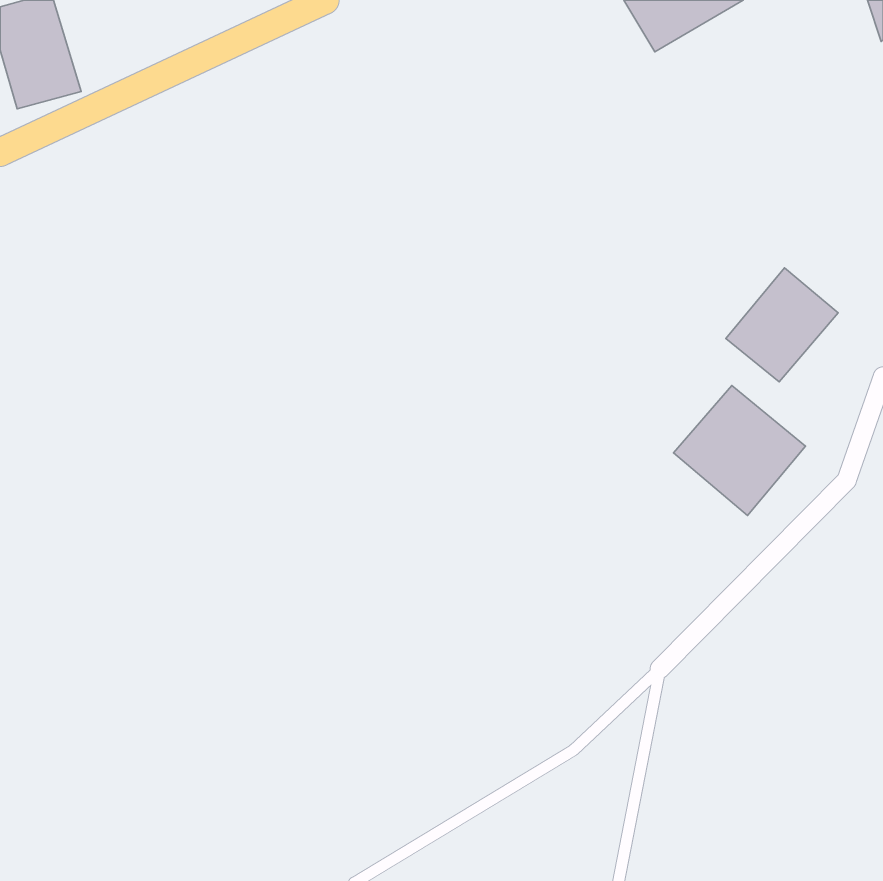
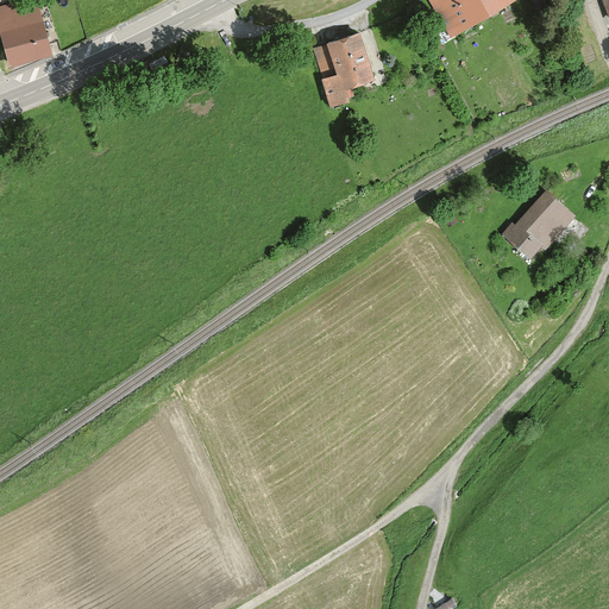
building: none -> [315,26,373,107]
building: [674,386,805,515] -> none

